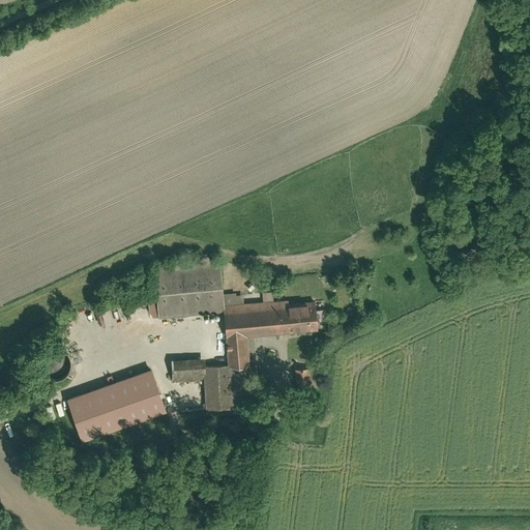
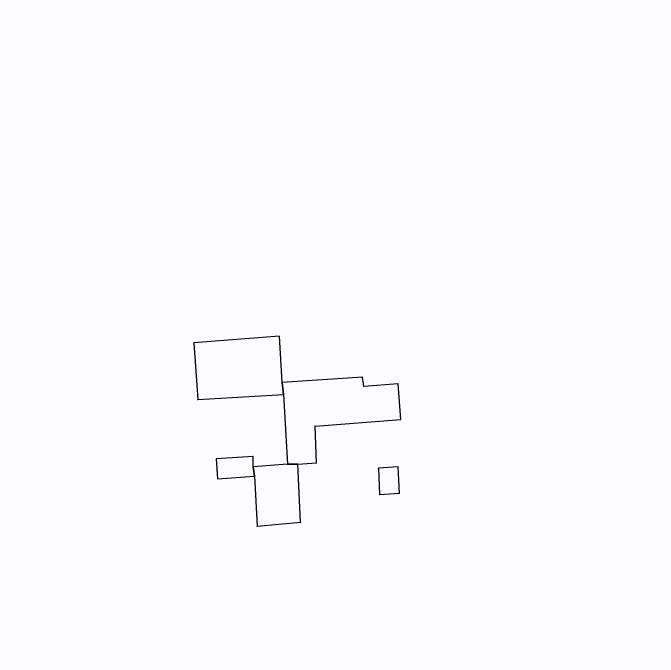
building: [71,371,171,440] -> none

